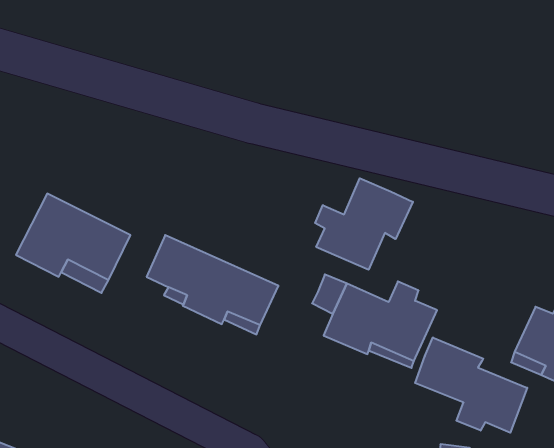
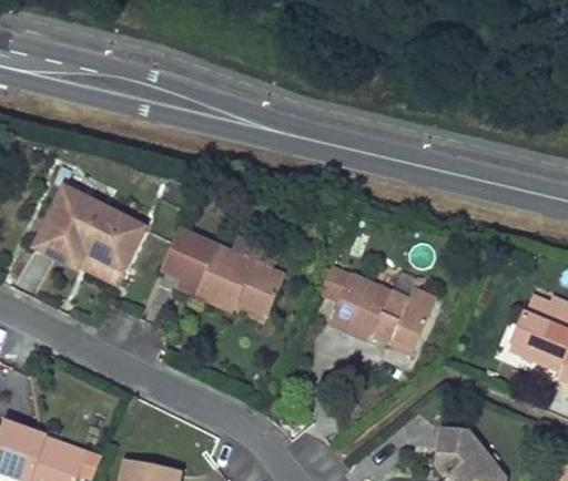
building: [315,178,413,270] -> none
building: [415,337,527,433] -> none

